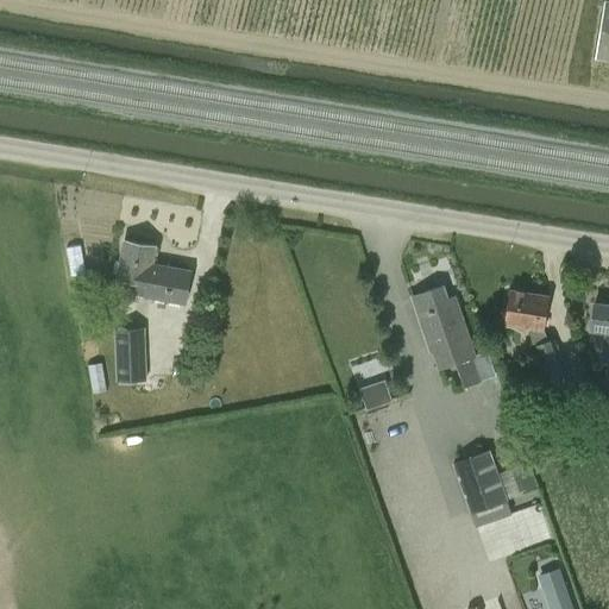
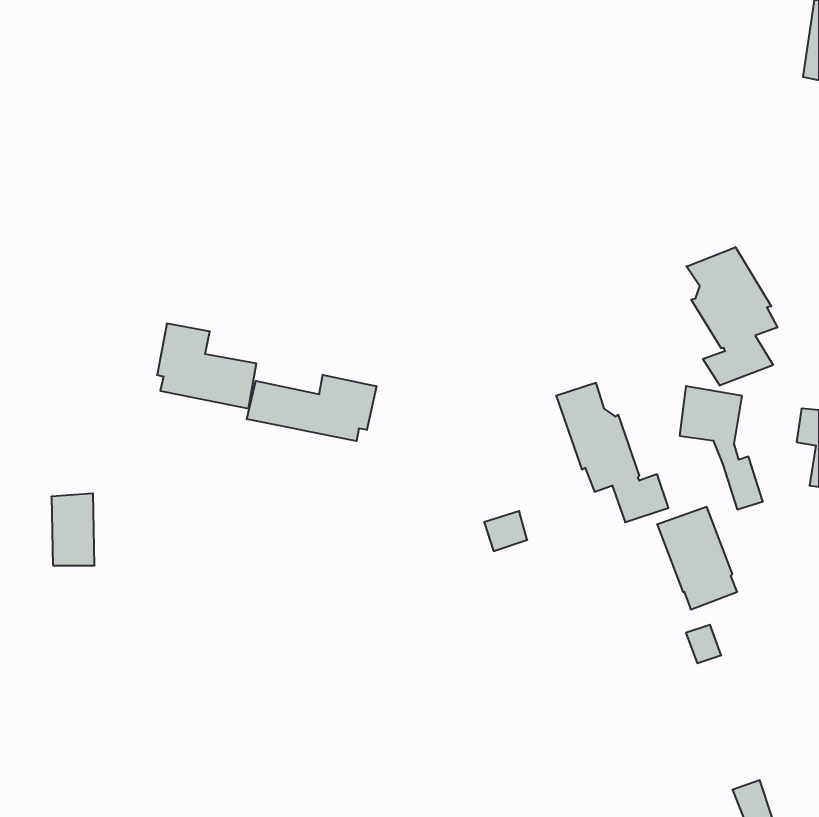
building: none -> [686,247,777,386]
building: none -> [247,375,376,441]
building: [114,328,146,382] -> [51,493,95,565]
building: [452,451,511,527] -> [657,507,737,609]

